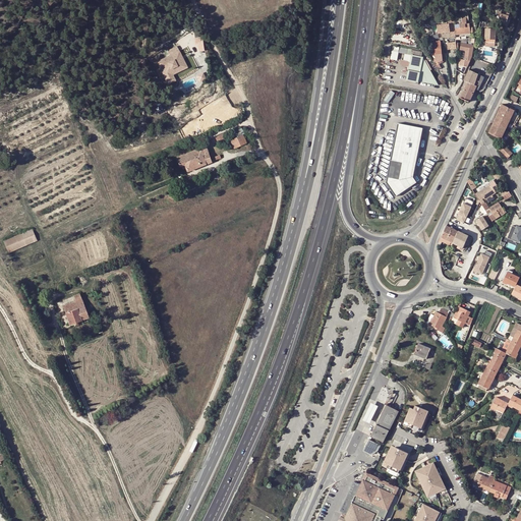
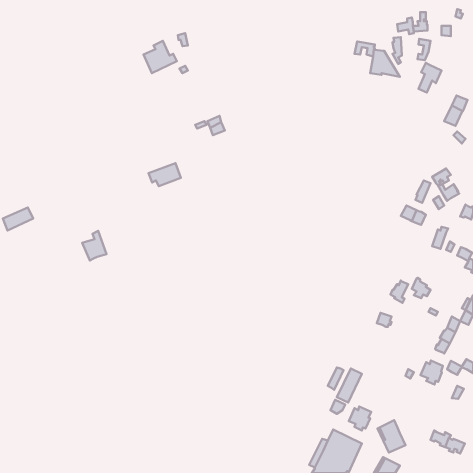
building: [387,123,423,198] -> none
building: [176,147,212,172] -> [149,163,181,186]
building: [62,292,89,325] -> [82,231,106,261]
building: [404,405,428,431] -> [421,360,443,385]

